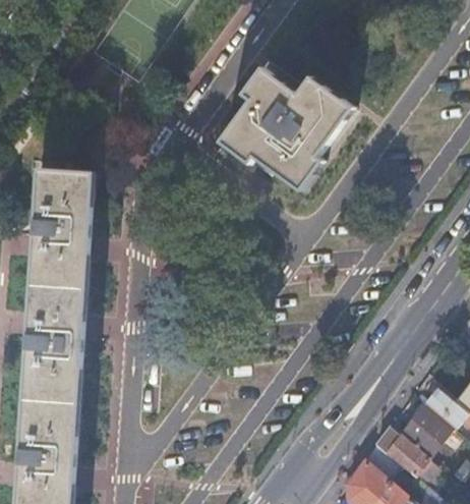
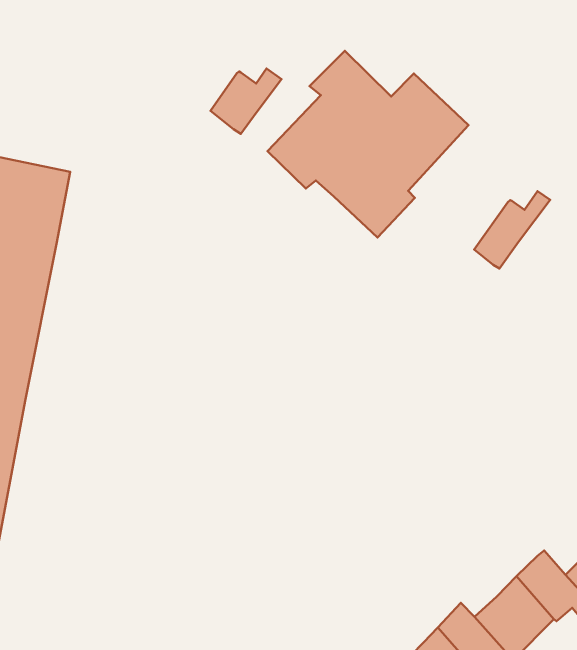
building: none -> [210,68,281,134]
building: none -> [474,191,550,268]

